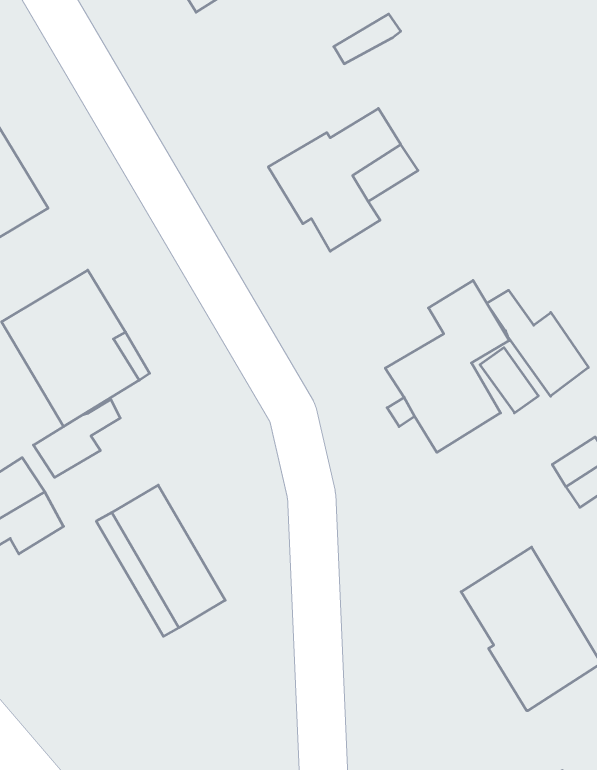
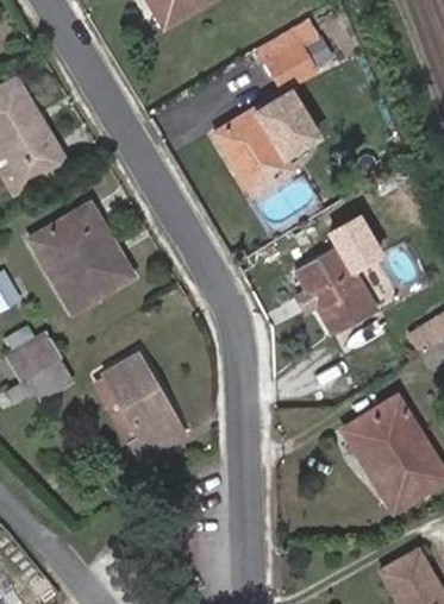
building: none -> [267,43,315,89]
building: [487,290,588,396] -> none
building: [33,400,120,477] -> none

